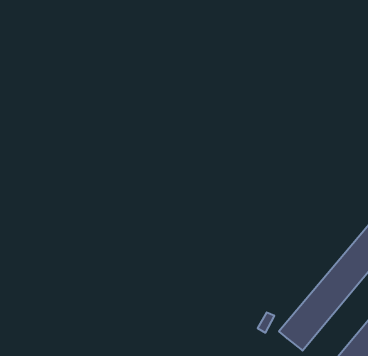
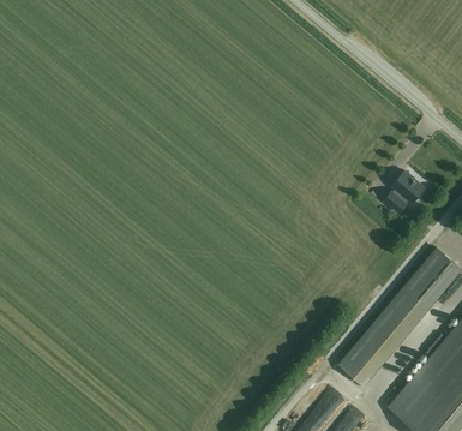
building: none -> [383,172,424,214]

